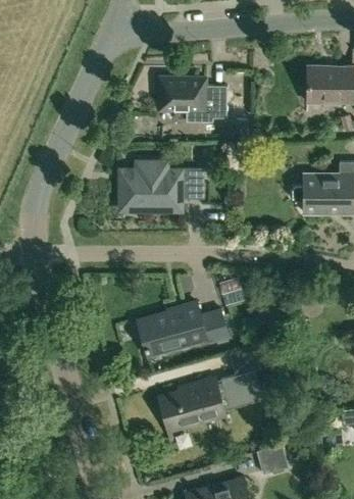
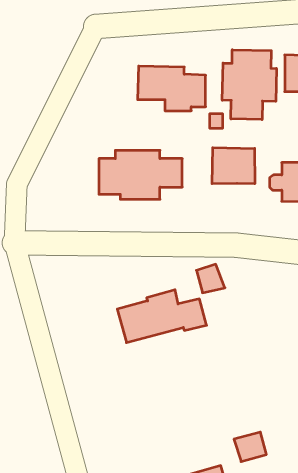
building: none -> [222,50,276,120]
building: none -> [212,148,255,184]
building: [159,346,262,443] -> none

